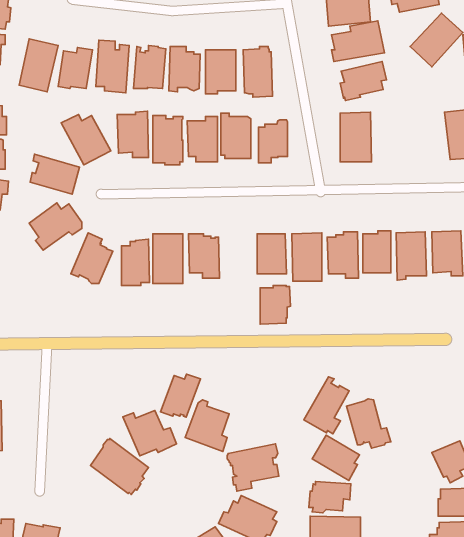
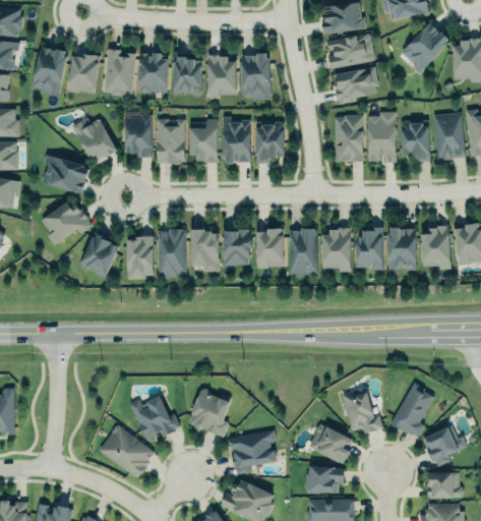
building: none -> [367,112,397,163]
building: none -> [401,120,430,162]
building: [260,286,290,324] -> [225,229,253,266]
building: [161,374,201,417] -> none
building: [304,377,349,434] -> [390,382,433,436]

